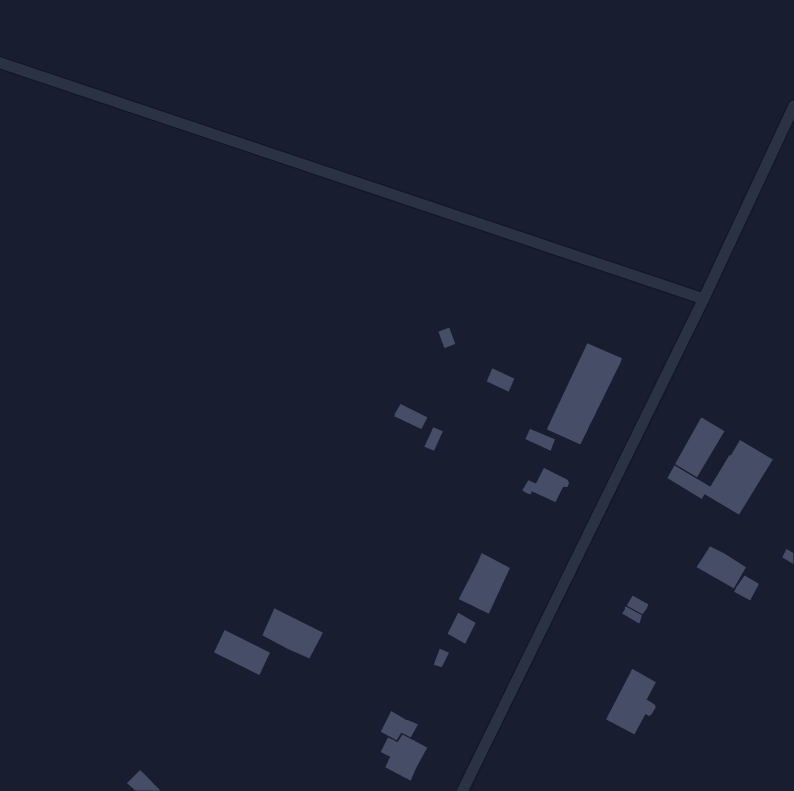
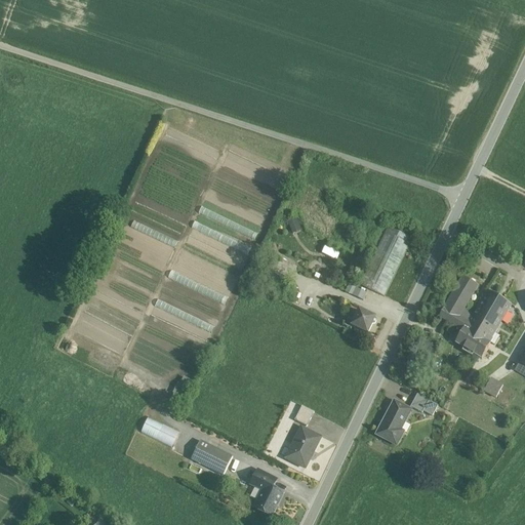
building: [695,546,747,589] -> [455,327,489,356]
building: [458,552,511,615] -> [285,426,320,467]
building: [262,608,324,659] -> [191,439,232,473]
building: [605,668,657,735] -> [375,399,409,443]

